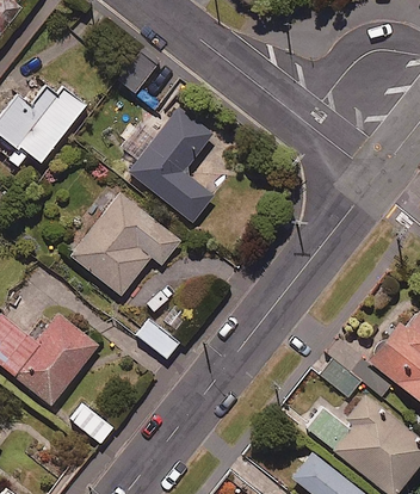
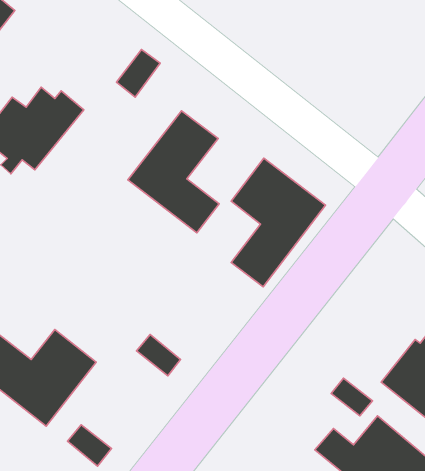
building: none -> [231,158,325,287]
building: [69,192,180,296] -> none

